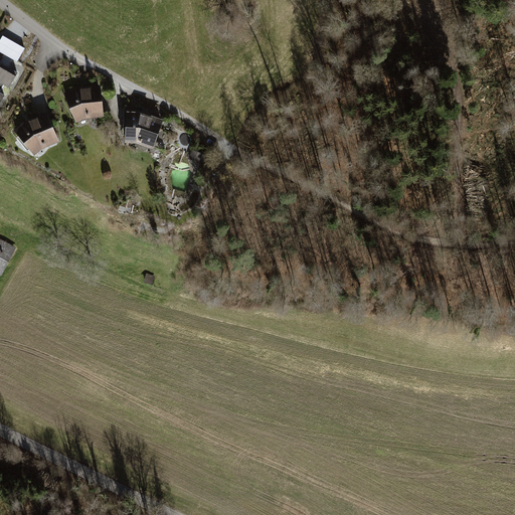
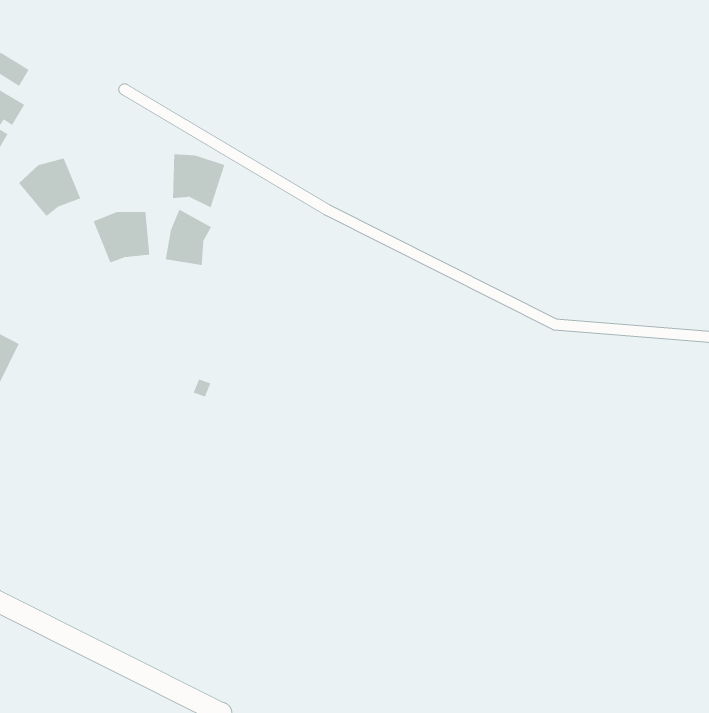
building: [61,88,103,125] -> [93,211,150,263]
building: none -> [165,209,212,266]

